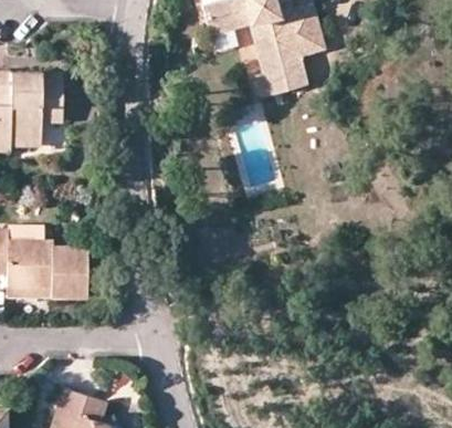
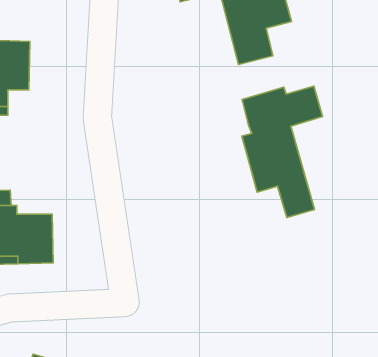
building: none -> [242,86,323,218]

